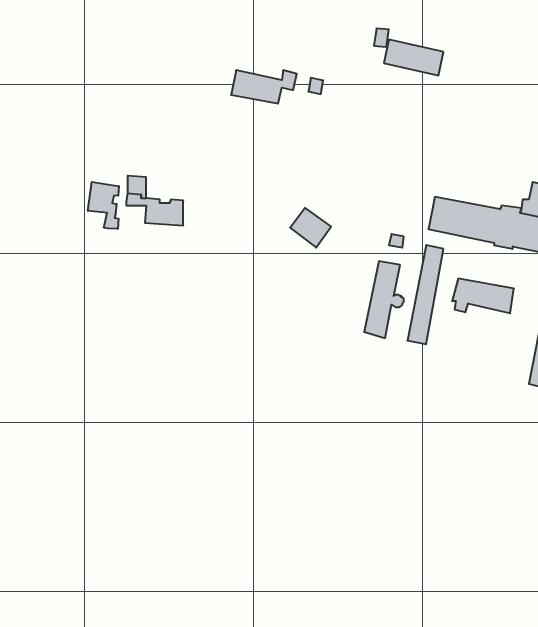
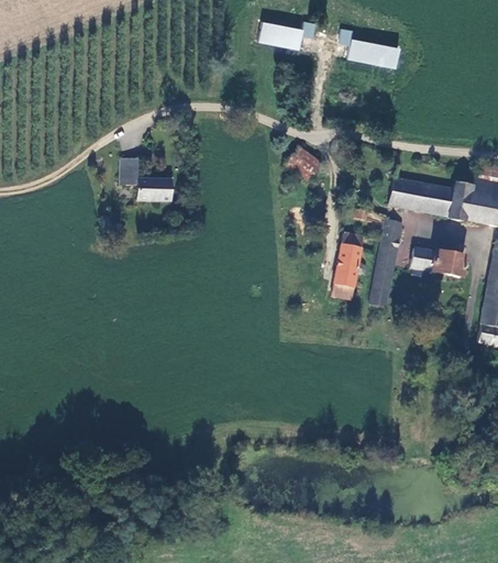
building: [231,70,297,104] -> [258,19,317,48]
building: [88,182,119,229] -> none
building: [290,208,331,248] -> [284,147,320,183]

